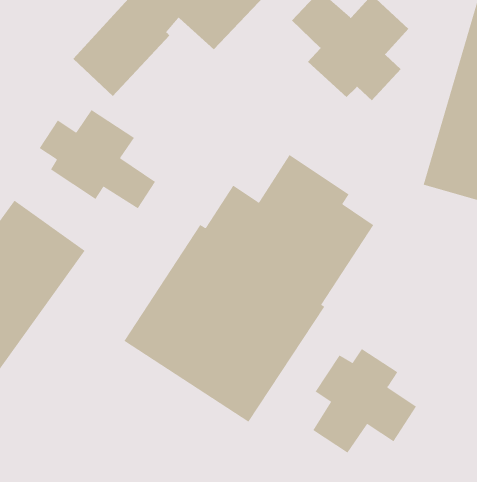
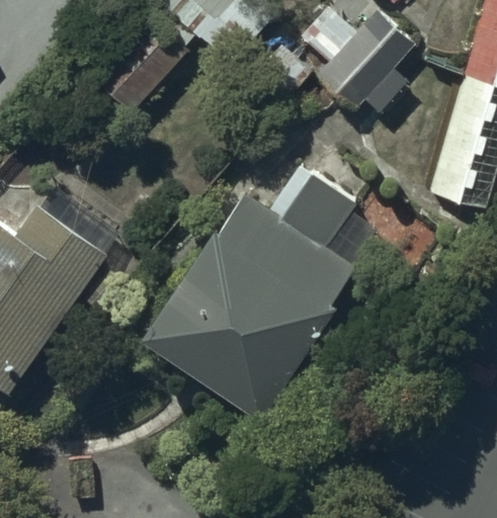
building: [39,109,156,209] -> none
building: [313,348,417,453] -> none

